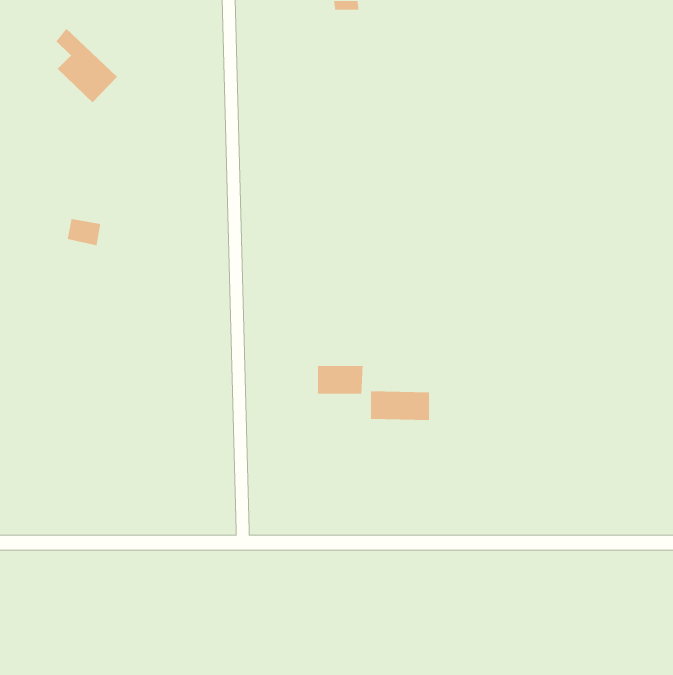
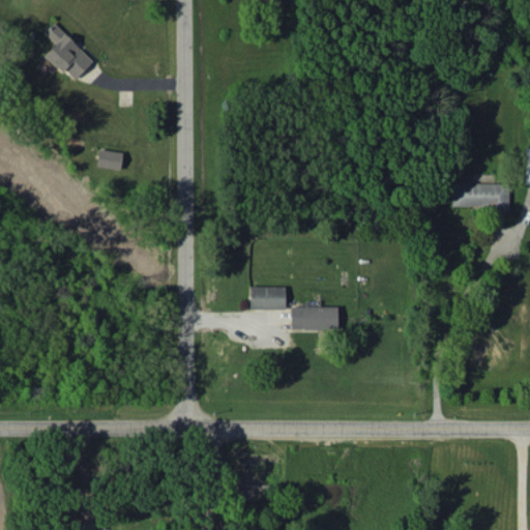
building: [67,218,101,246] -> [97,149,124,171]
building: none -> [452,183,510,209]

